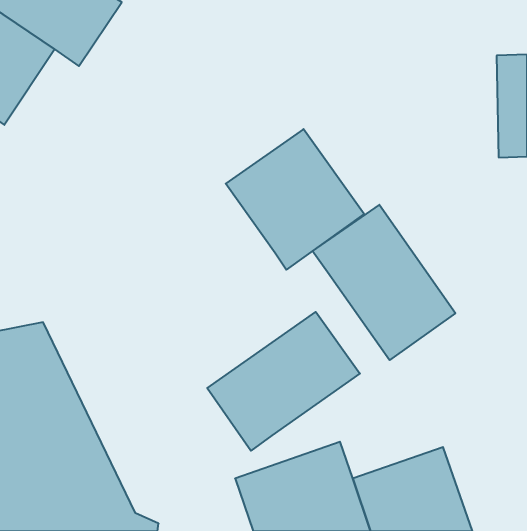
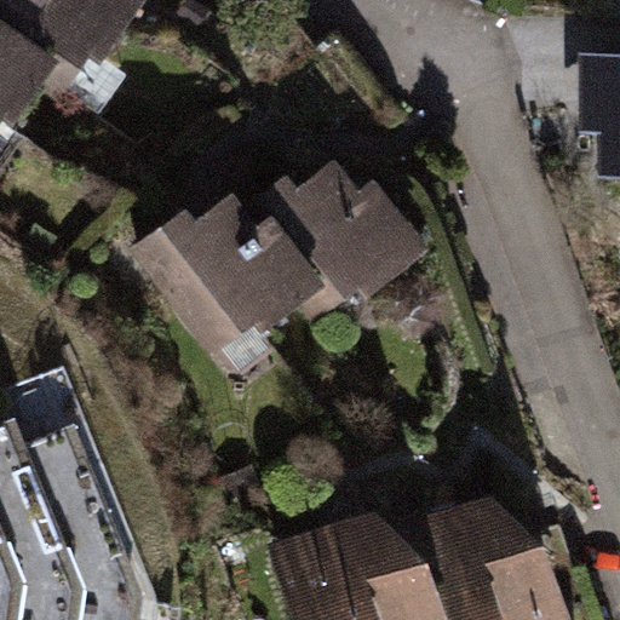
building: none -> [130,176,317,366]
building: [312,205,455,360] -> none
building: [207,312,360,451] -> none

